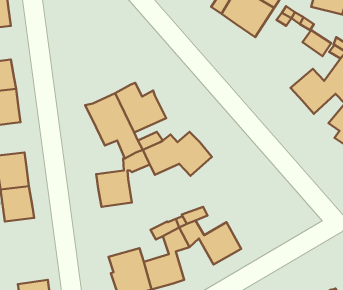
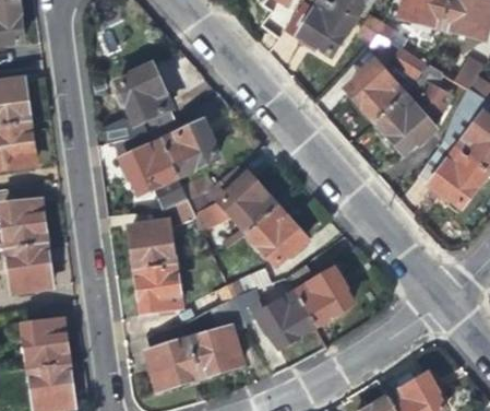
building: none -> [347,64,404,120]
building: none -> [101,68,174,143]
building: none -> [249,208,303,263]
building: none -> [295,262,350,325]
building: none -> [136,266,181,312]
building: none -> [25,324,69,369]

